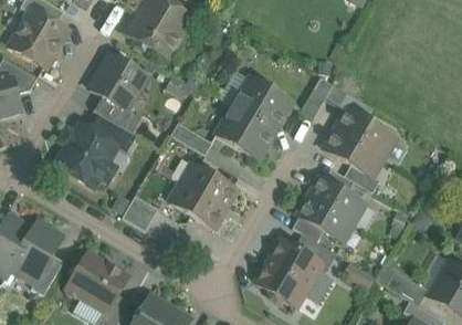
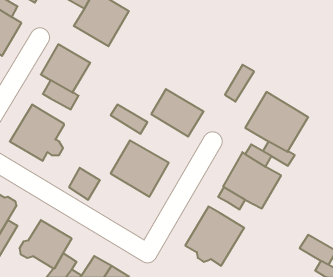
building: [233,76,293,130] -> none
building: [92,115,135,151] -> none
building: [295,233,337,273] -> none

